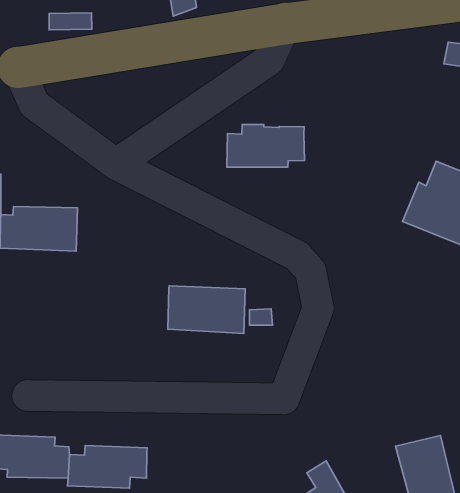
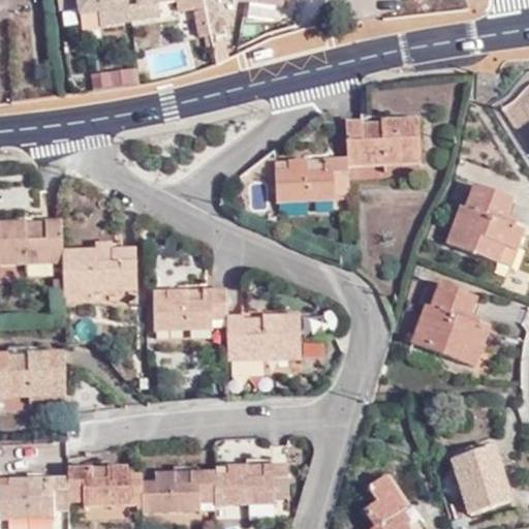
building: none -> [344,117,421,165]
building: none -> [153,288,226,330]
building: none -> [409,283,486,365]
building: none -> [214,463,287,504]

